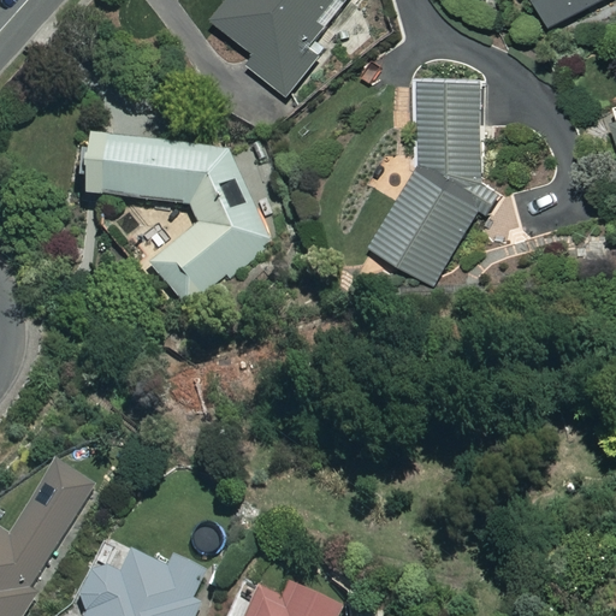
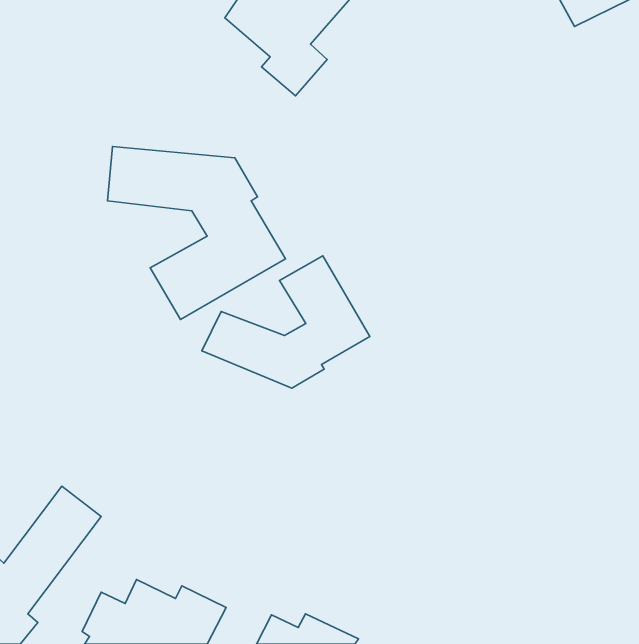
building: [369,83,482,284] -> none
building: none -> [202,256,370,388]

